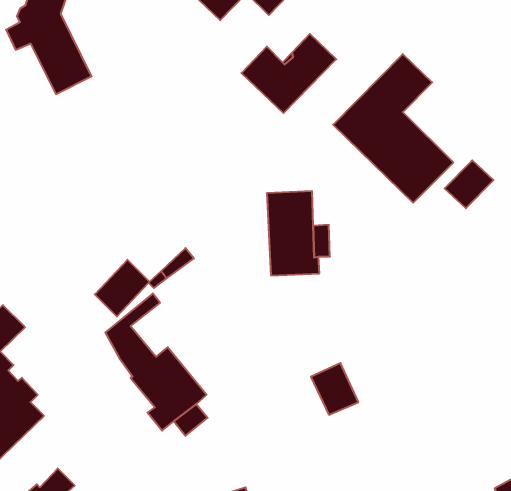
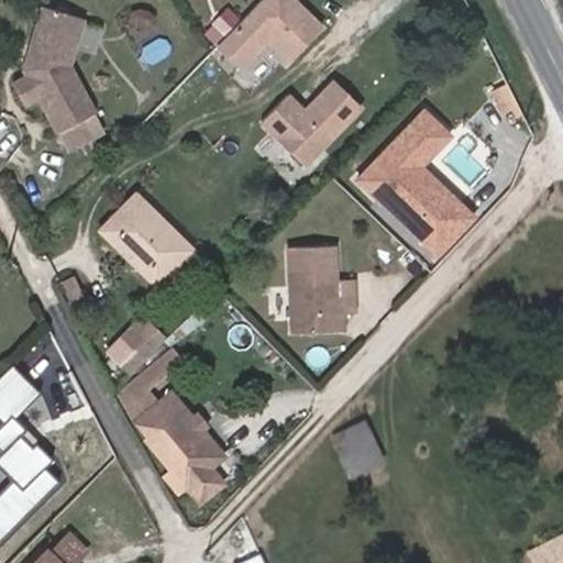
building: none -> [100,196,192,287]
building: [445,160,494,208] -> none

